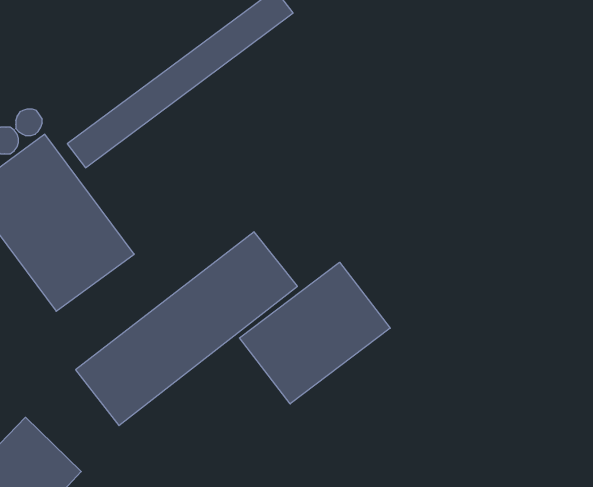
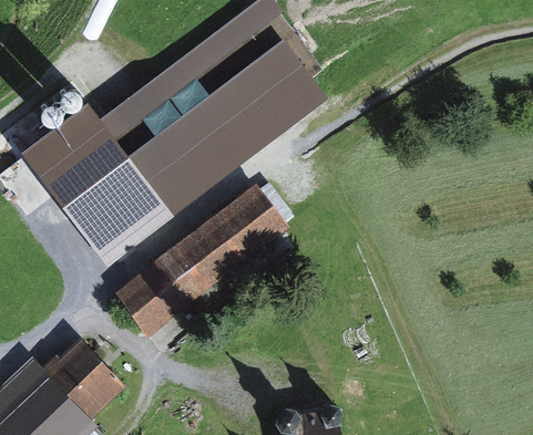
building: none -> [132,40,326,210]
building: [239,262,390,404] -> none

